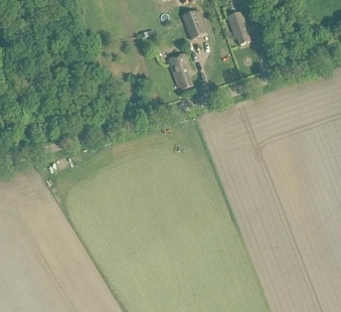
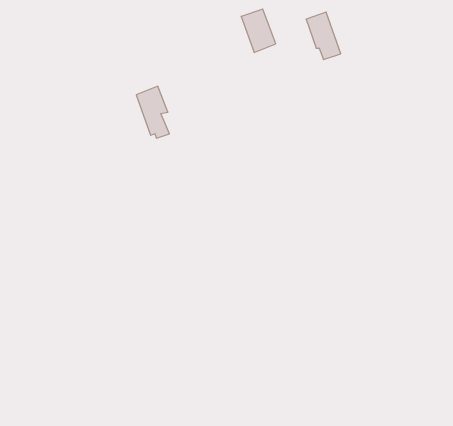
building: [169,51,192,88] -> [136,86,169,138]

